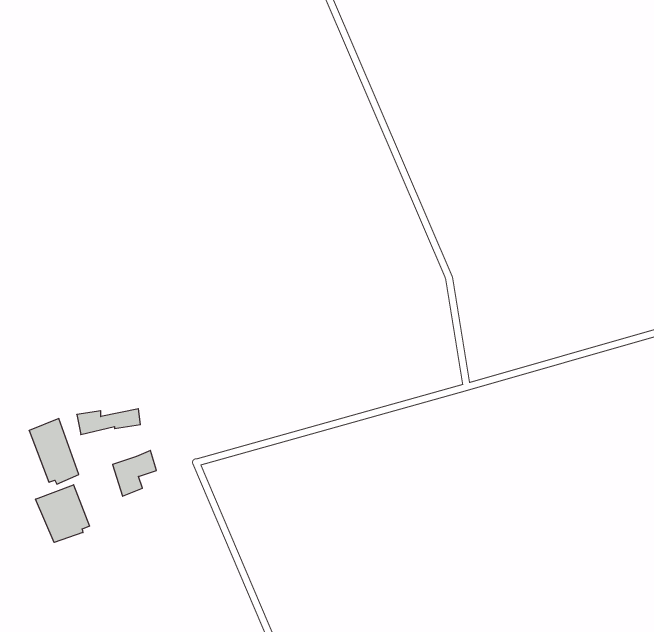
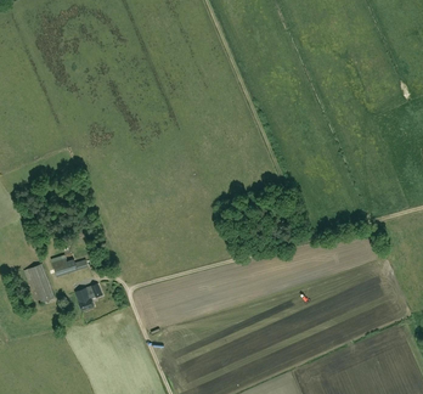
building: [36,485,89,542] -> none

